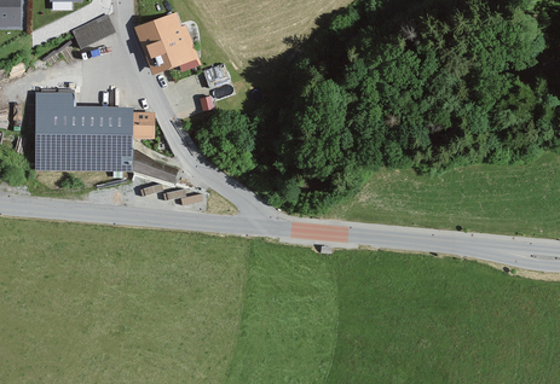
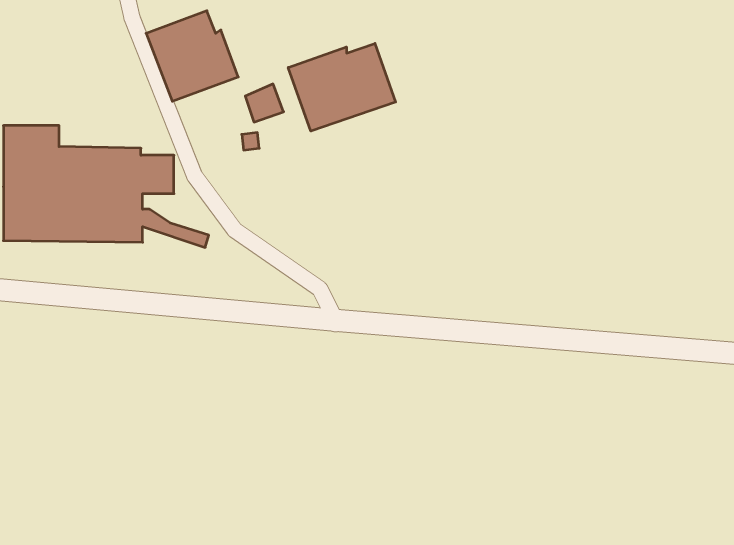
building: [73,14,115,50] -> none
building: none -> [288,43,396,131]

